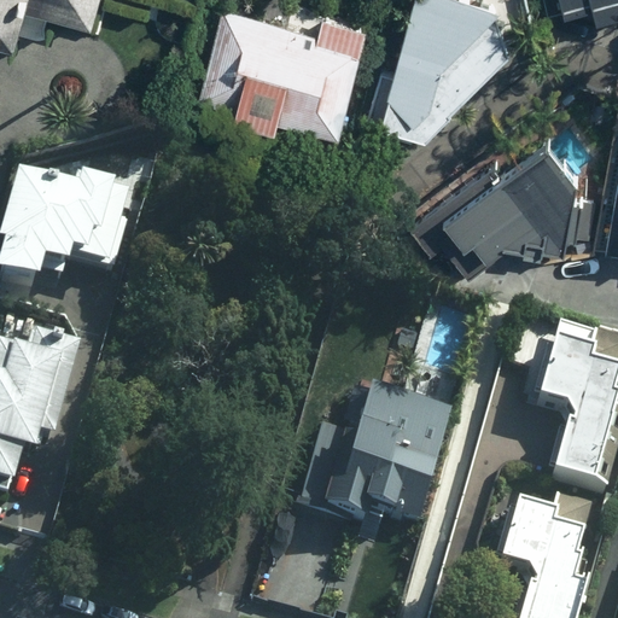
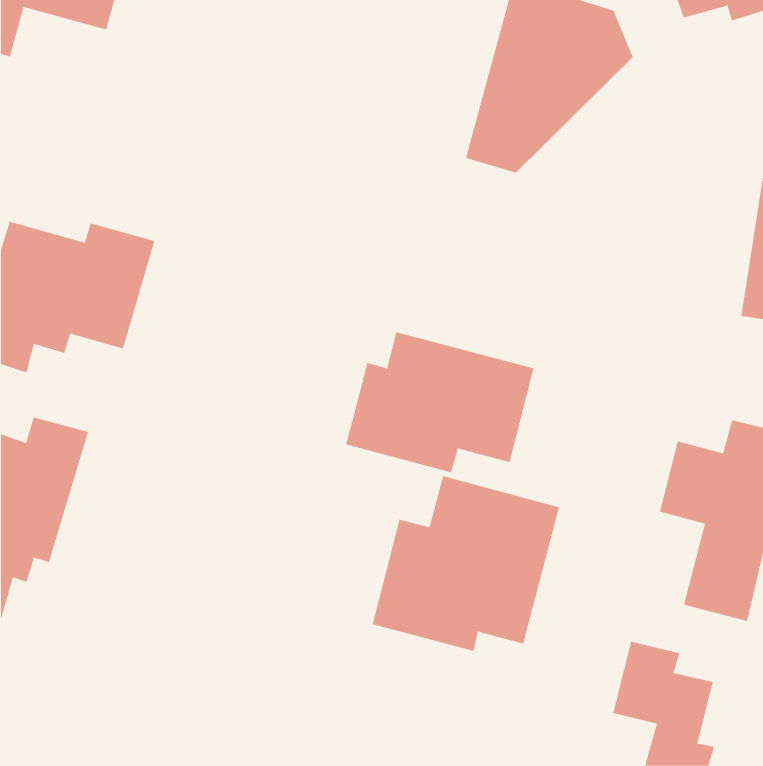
building: [197,10,362,133] -> none
building: [415,134,588,282] -> none
building: none -> [346,331,534,473]

